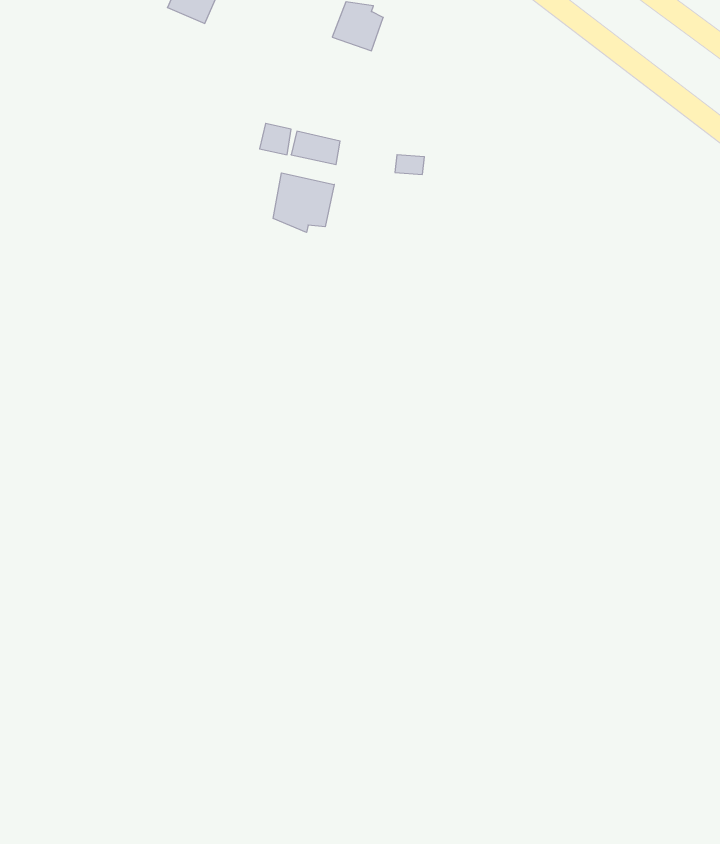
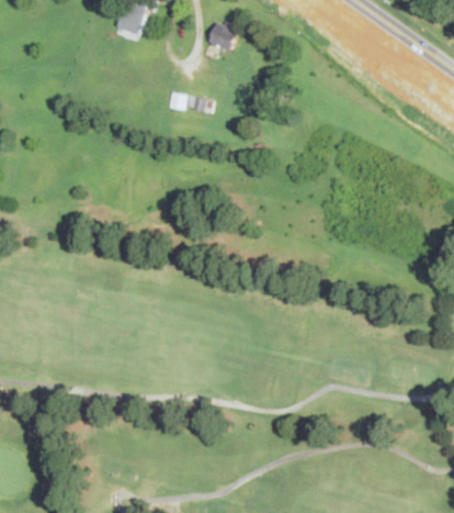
building: [273,173,334,232] -> none

